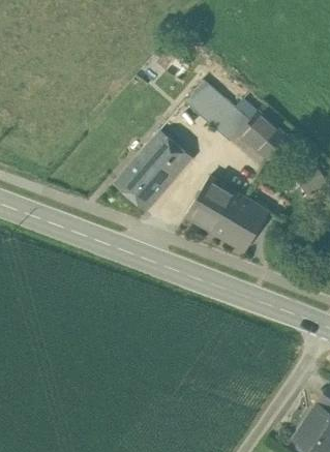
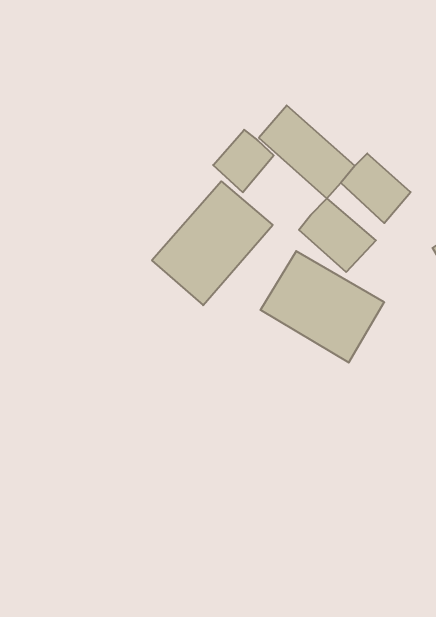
building: none -> [213,130,274,192]
building: none -> [299,198,376,272]

